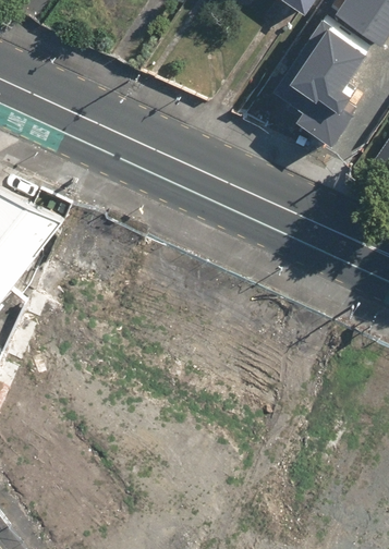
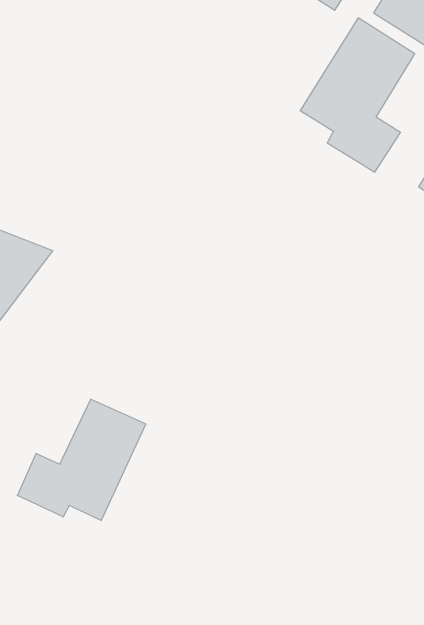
building: none -> [17,399,146,521]

